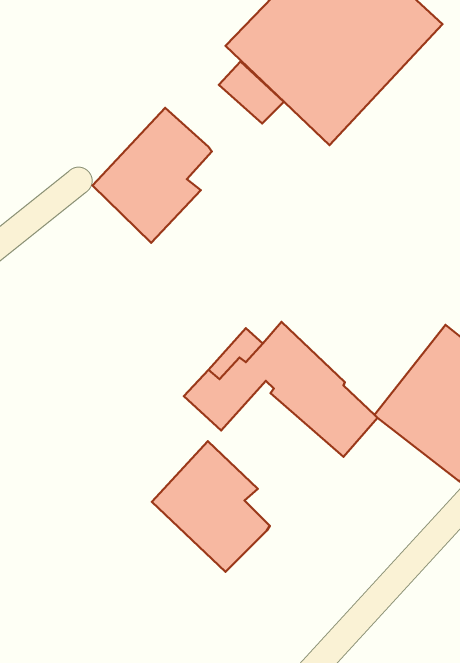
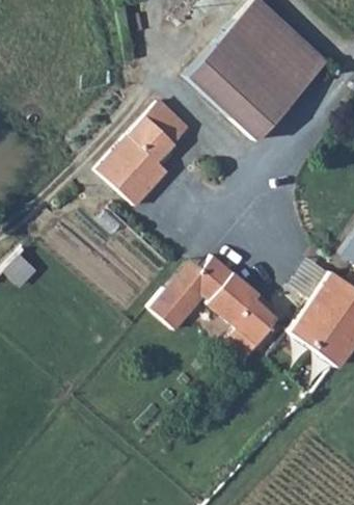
building: [219,61,284,123] -> [143,102,187,143]
building: [152,441,270,572] -> none

